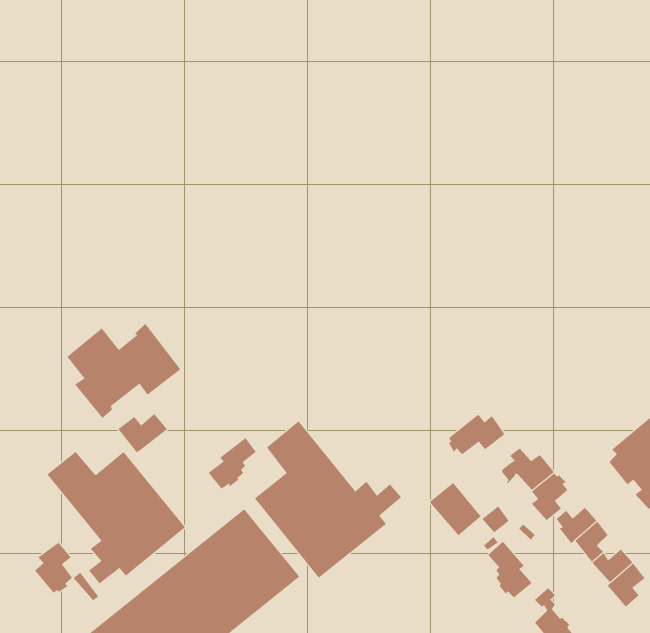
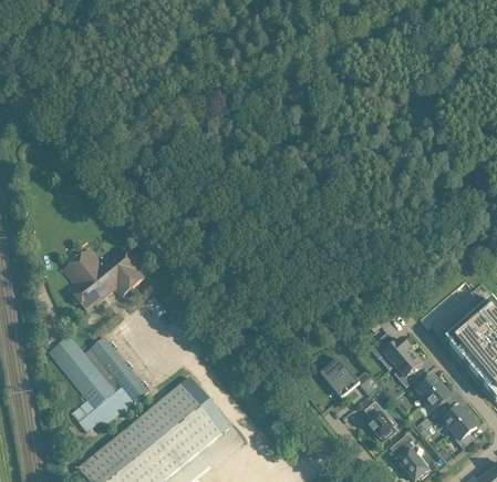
building: [118,413,168,453] -> none
building: [448,414,505,455] -> none
building: [254,420,402,579] -> none
building: [208,437,257,490] -> none
building: [34,542,73,594] -> none

